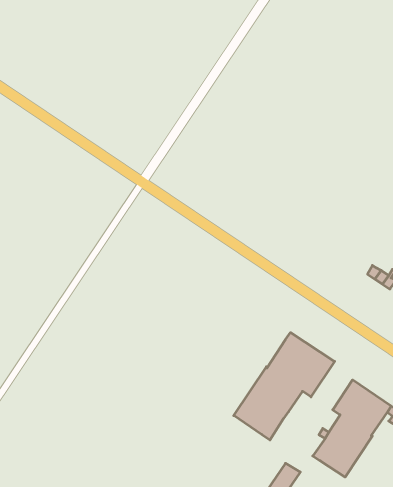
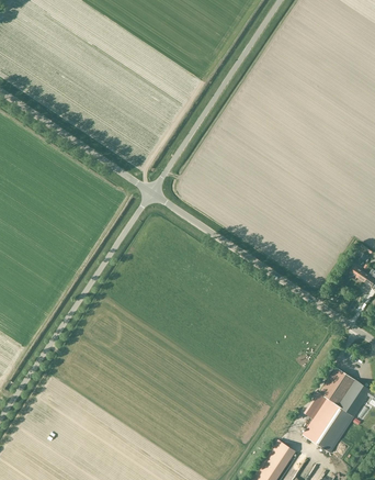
building: [234,333,335,440] -> none

